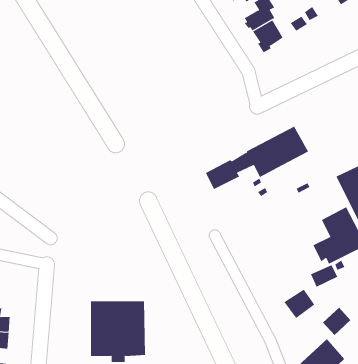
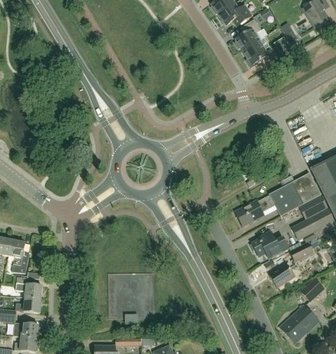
building: [205,126,309,190] -> [235,172,321,225]
building: none -> [250,230,288,258]

